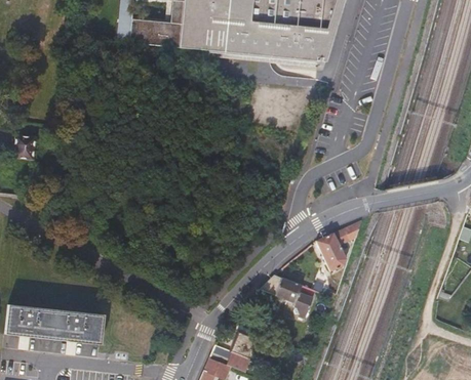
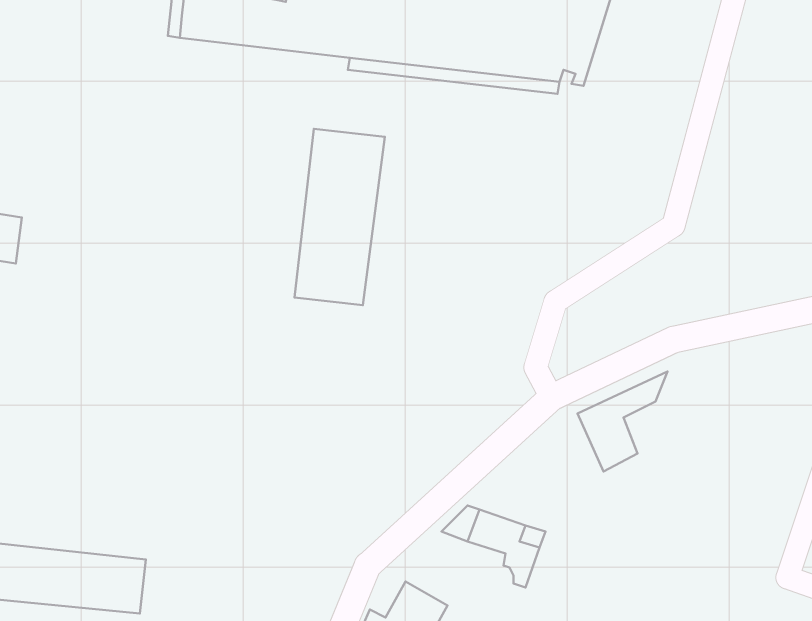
building: none -> [295,129,385,305]

